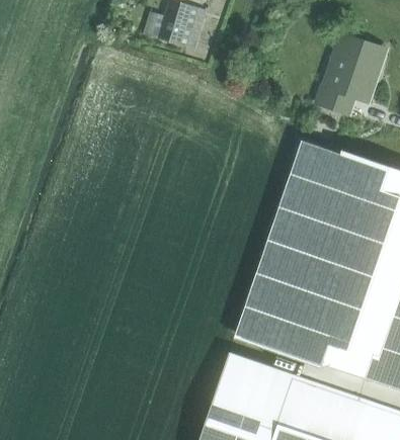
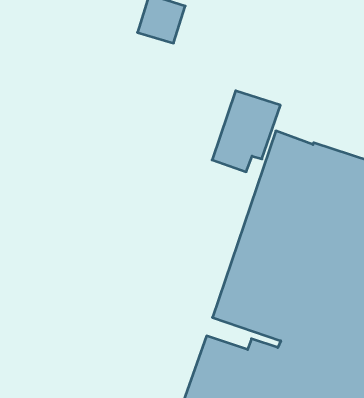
building: [315,33,386,117] -> [212,91,280,172]

